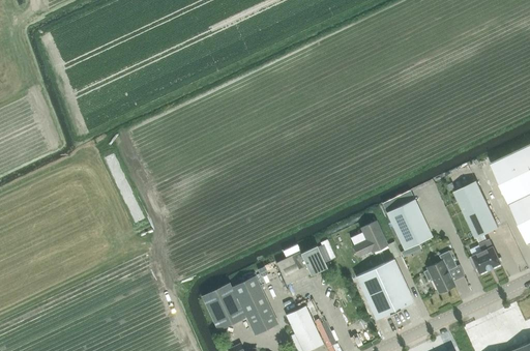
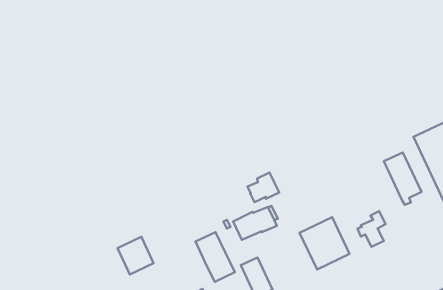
building: [387,200,433,251] -> none
building: [350,222,387,257] -> [247,173,279,202]
building: [471,240,502,274] -> none
building: [203,286,245,330] -> [118,237,153,274]

